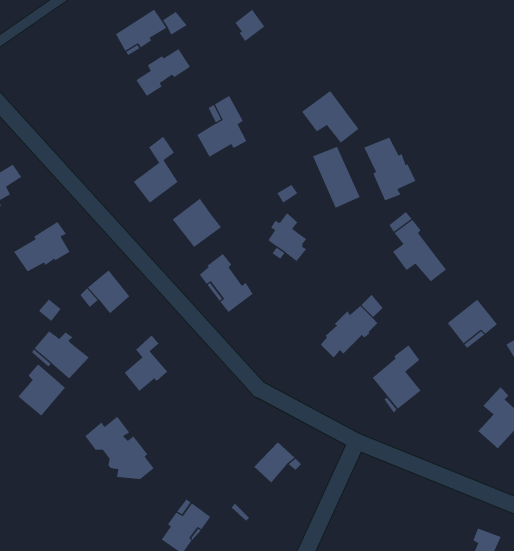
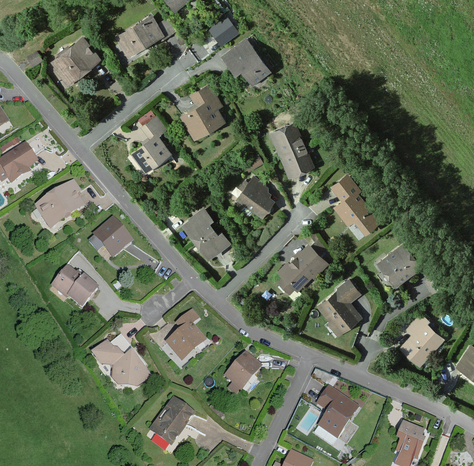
building: none -> [53,41,97,78]
building: [135,48,191,96] -> none
building: [301,90,360,144] -> [223,40,269,82]
building: [364,137,416,201] -> none
building: [172,198,222,248] -> none
building: [124,335,168,392] -> [169,313,204,358]
building: [18,364,66,417] -> none
building: none -> [318,389,355,438]

